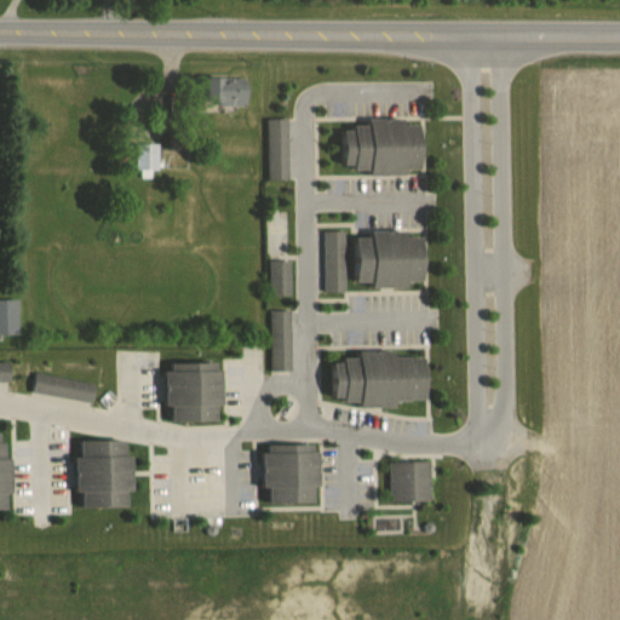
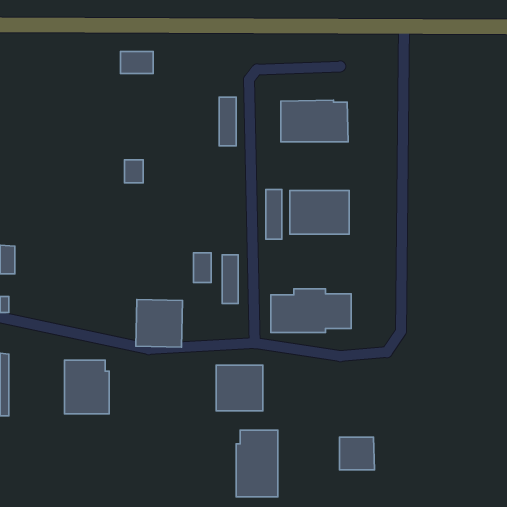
building: [208,79,248,105] -> [120,52,153,73]
building: [136,143,159,171] -> [124,160,143,183]
building: [270,259,292,295] -> [193,253,211,283]
building: [30,372,94,403] -> none
building: [389,460,431,500] -> [340,437,374,470]
building: none -> [236,430,278,497]

